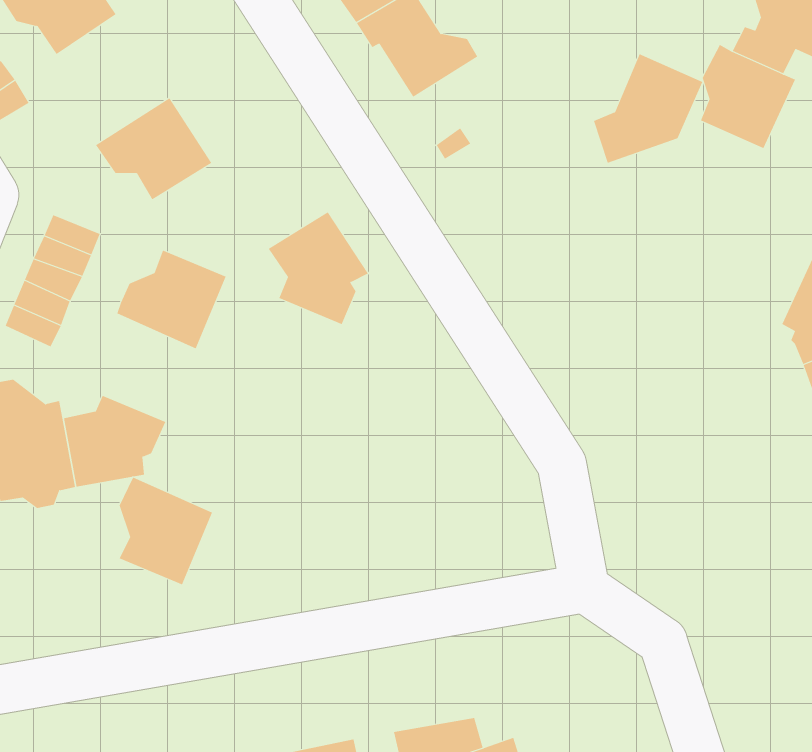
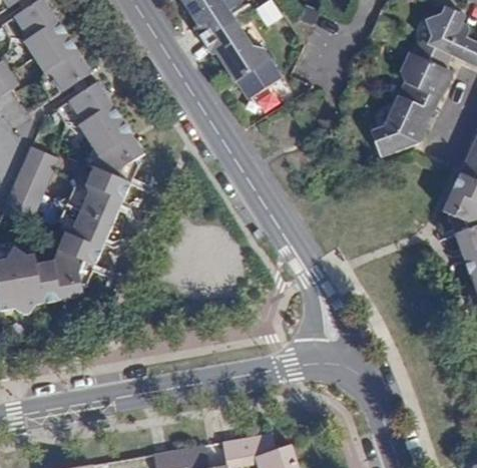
building: none -> [33,34,92,99]
building: [593,53,703,163] -> [371,94,433,156]
building: none -> [234,58,283,99]
building: [268,211,369,325] -> [87,118,144,182]
building: [119,477,213,585] -> [59,203,112,265]

